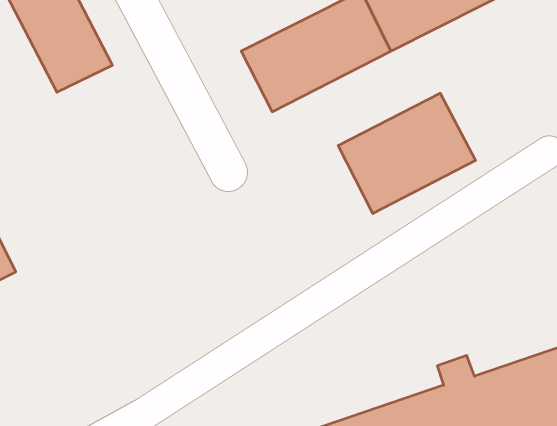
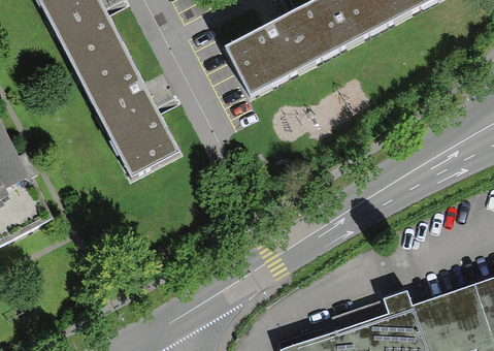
building: none -> [78,55,177,184]
building: [338,93,476,214] -> none

